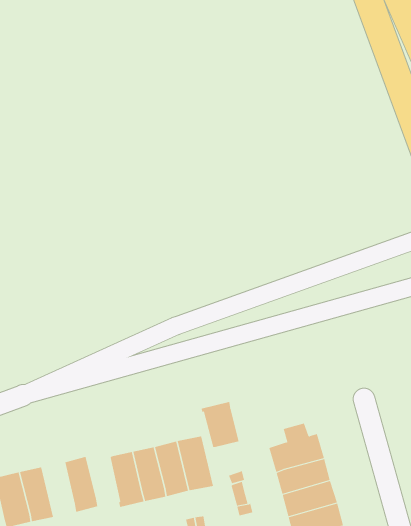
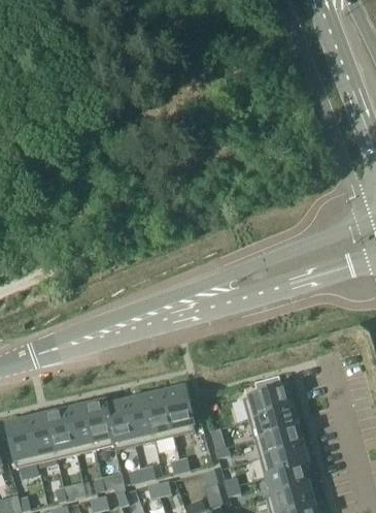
building: [201,401,239,448] -> none
building: none -> [86,400,114,448]
building: none -> [47,410,76,457]

